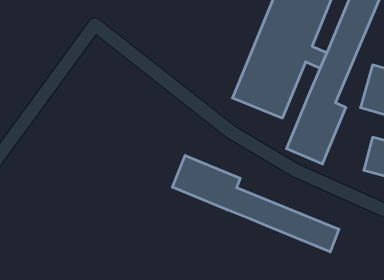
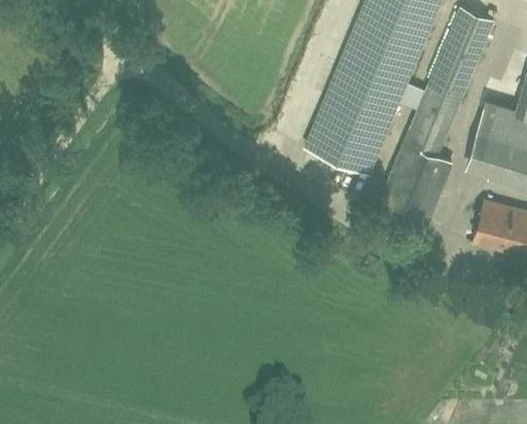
building: [172,155,339,252] -> none

